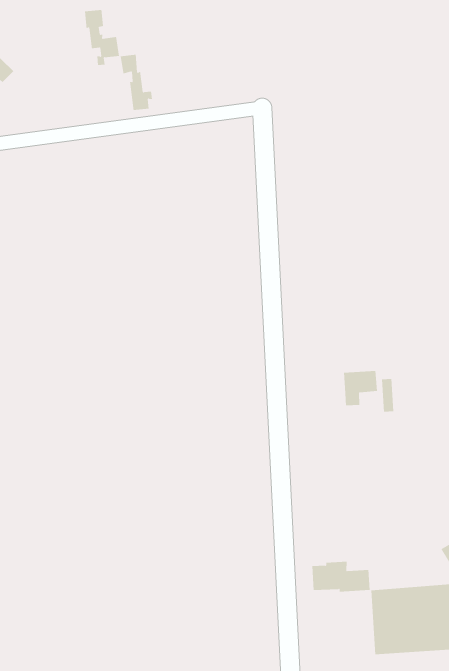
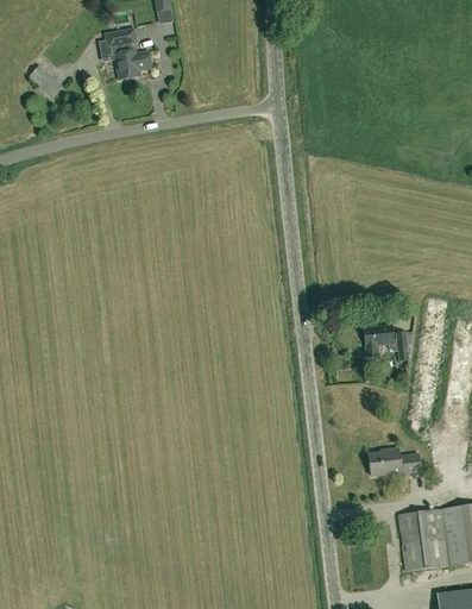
building: [120,54,153,110] -> [105,30,136,79]
building: [312,561,371,592] -> [367,448,420,476]

